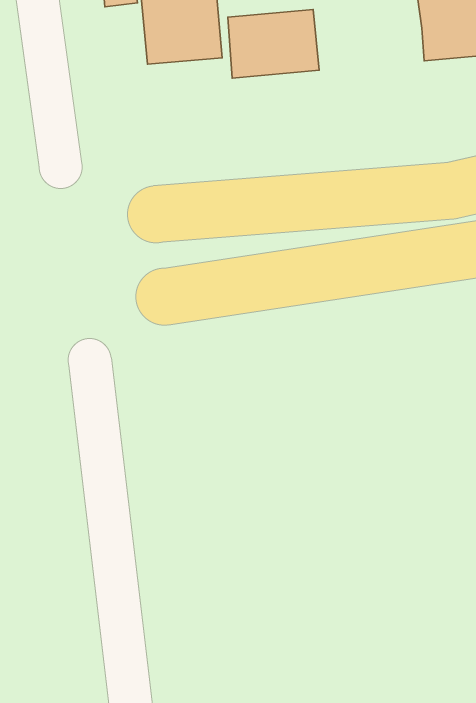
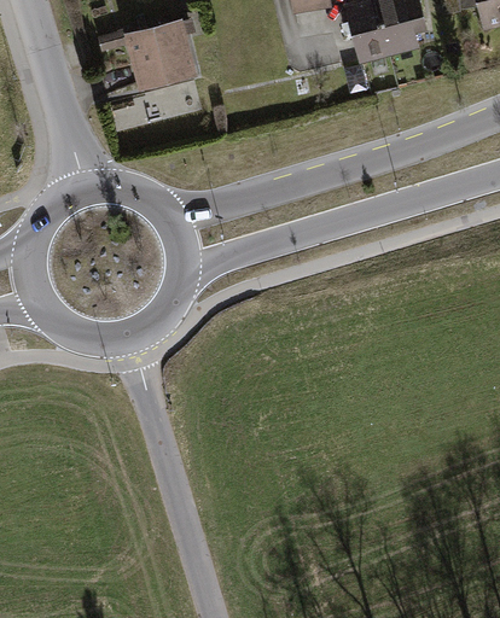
building: [228,10,319,78] -> none

